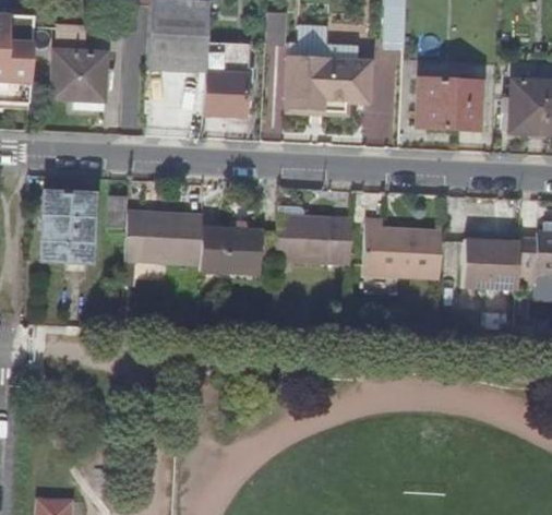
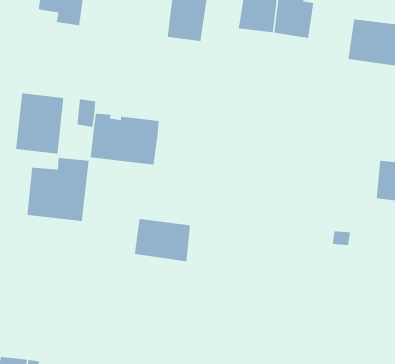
building: [277,209,353,265] -> none
building: [362,218,443,278] -> none
building: [202,228,265,275] -> [134,218,191,262]
building: none -> [27,157,90,222]

